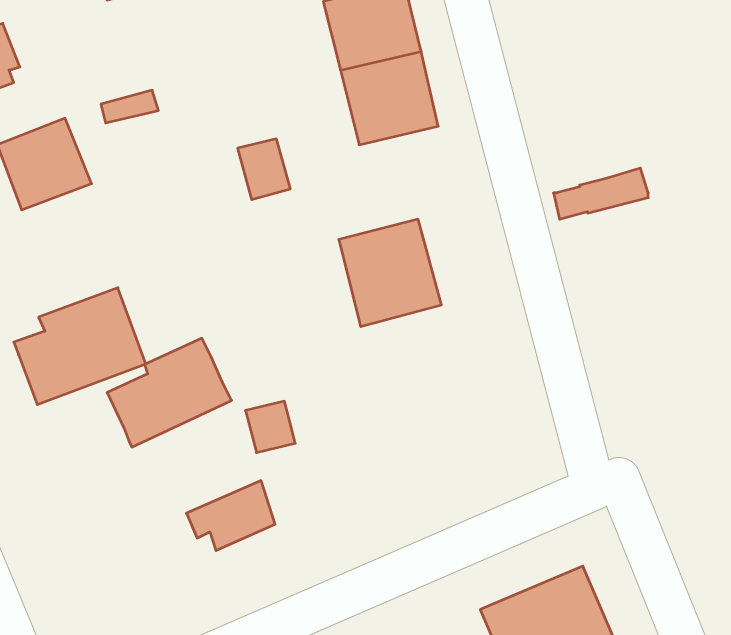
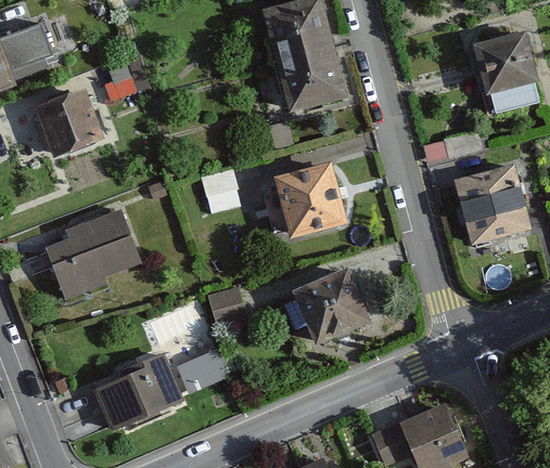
building: none -> [474,32,537,112]
building: [238,139,290,200] -> [202,171,239,213]
building: none -> [455,166,529,245]
building: [107,338,232,447] -> [95,354,182,430]
building: none -> [294,270,368,343]

